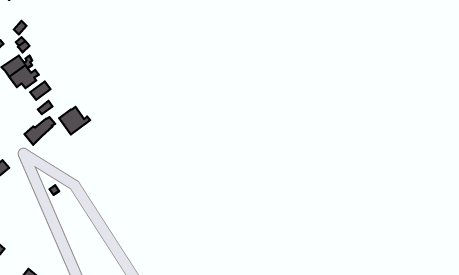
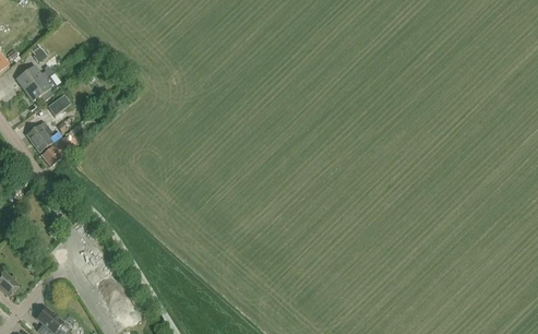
building: [59,107,90,135] -> [25,121,60,153]

